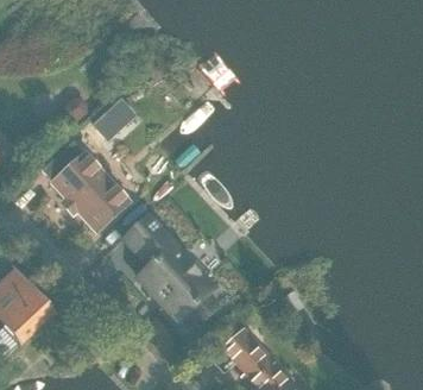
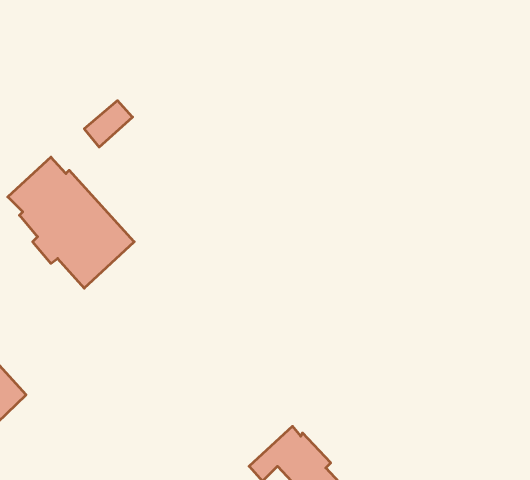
building: [128,215,219,326] -> none

